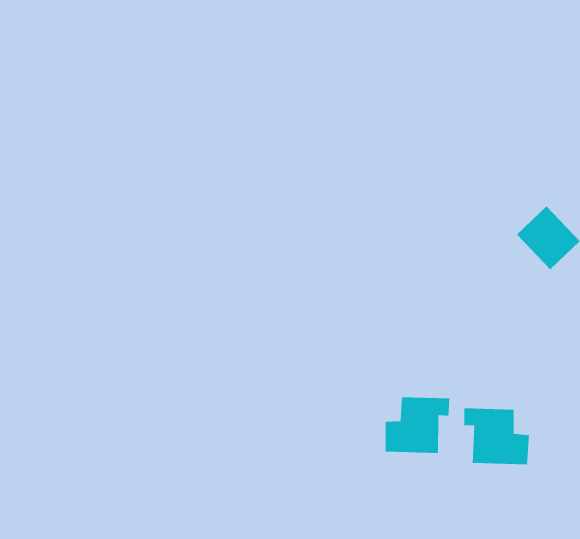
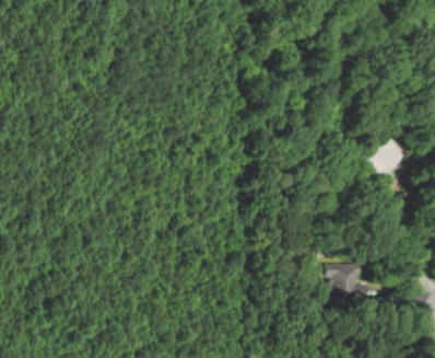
building: [385,396,450,454] -> none

